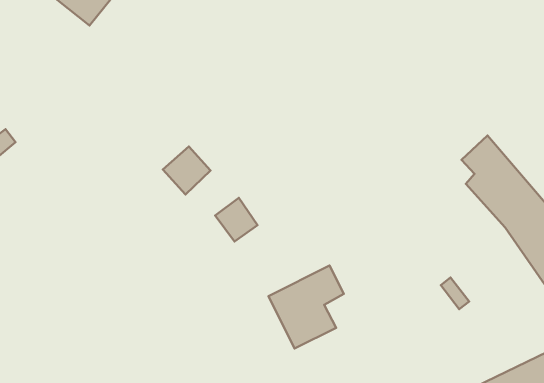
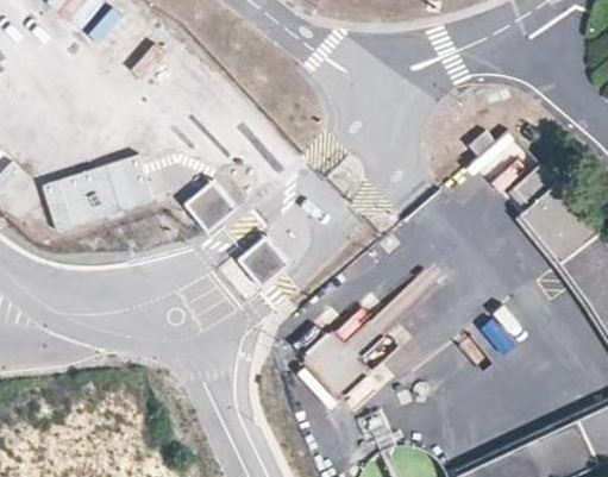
building: none -> [42,156,155,236]

